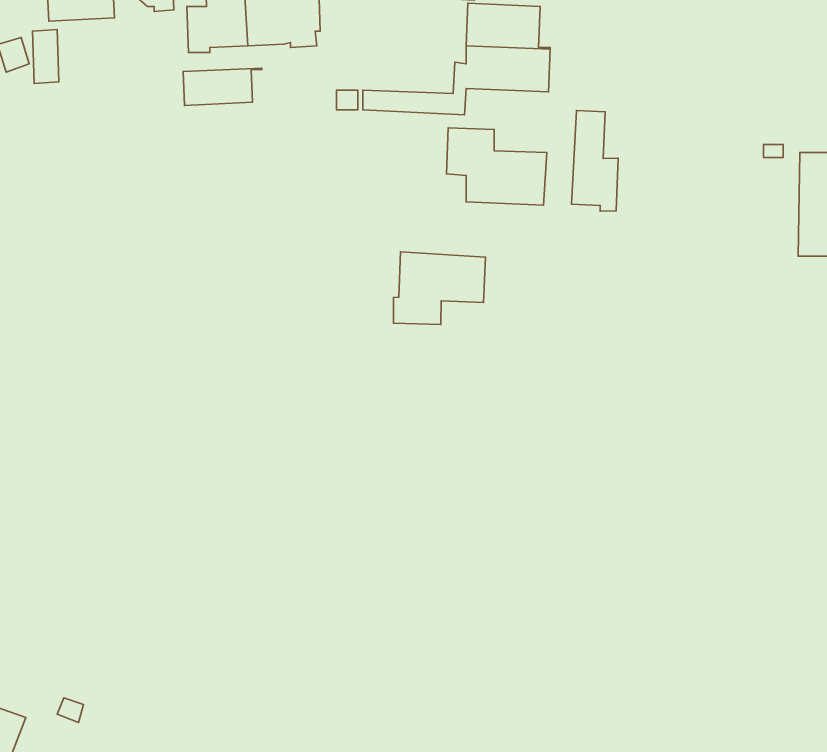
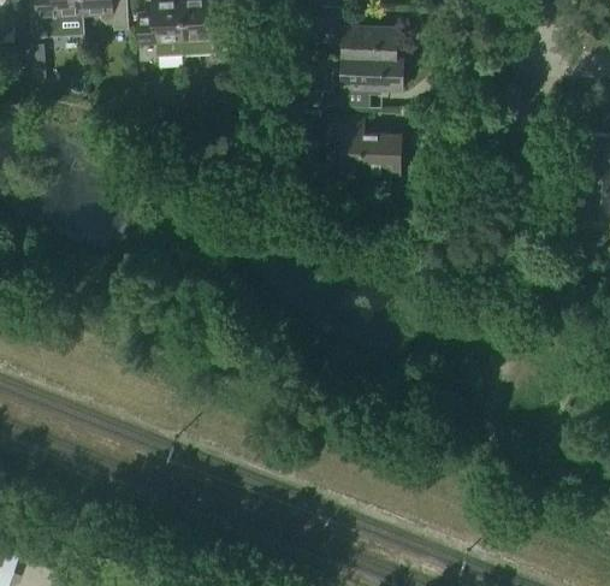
building: [183,68,262,106] -> none
building: [572,111,618,211] -> none
building: [393,252,485,325] -> none

